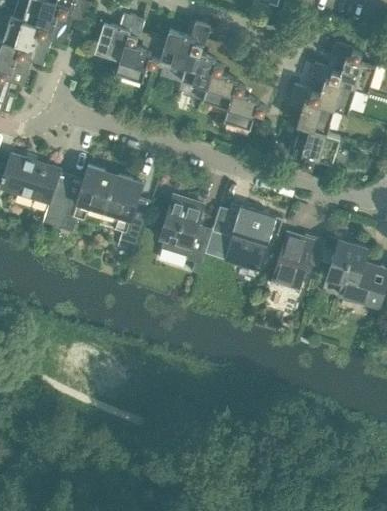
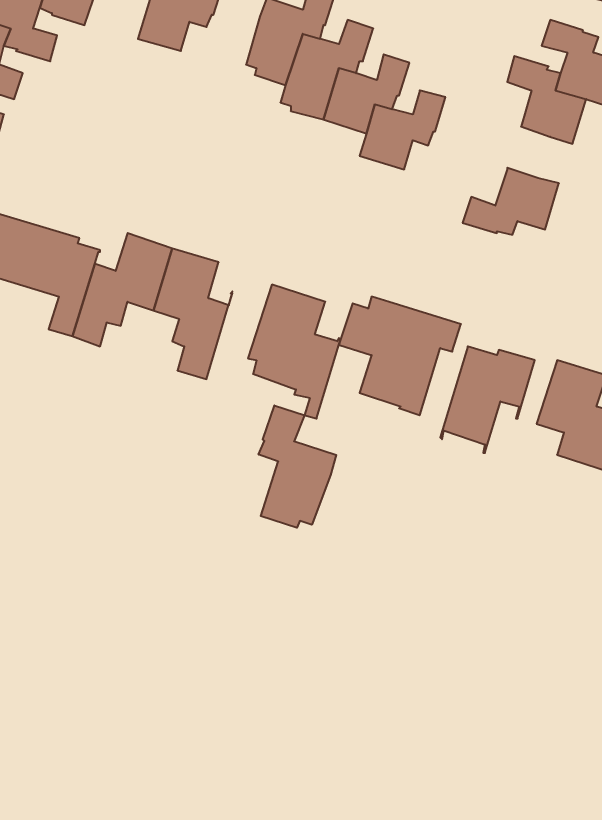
building: [115,34,165,81] -> none
building: [288,84,334,133] -> none
building: none -> [259,405,336,528]

